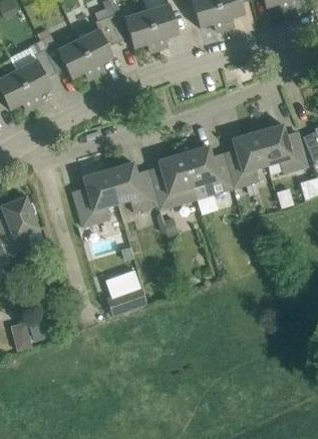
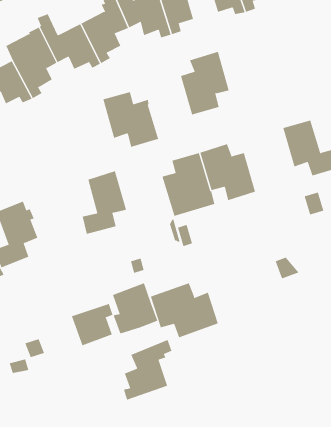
building: [224,130,268,187] -> [180,51,230,115]
building: [108,161,161,211] -> [102,91,161,147]
building: none -> [150,283,219,338]
building: none -> [71,303,113,346]
building: none -> [123,339,172,401]

